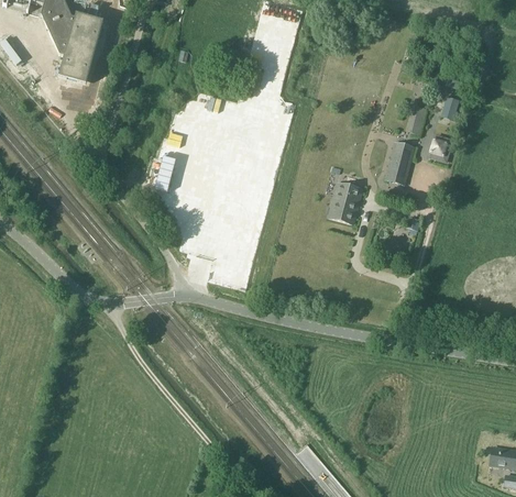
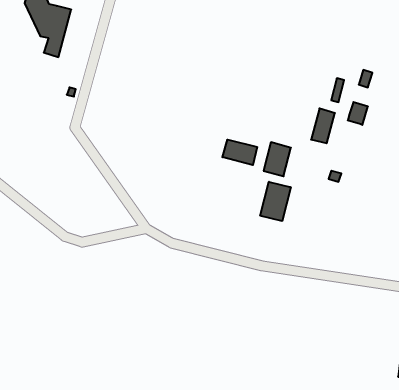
building: none -> [222,140,257,165]
building: none -> [260,182,291,221]

